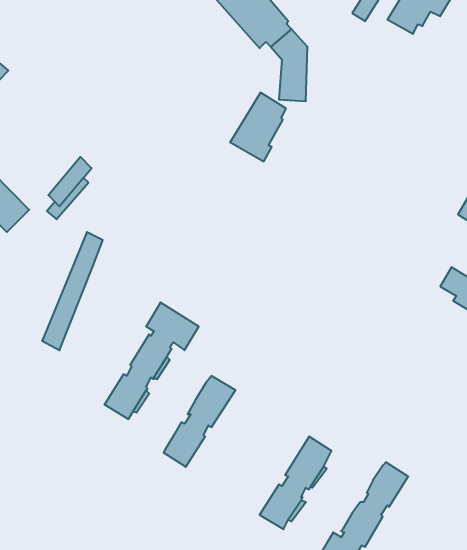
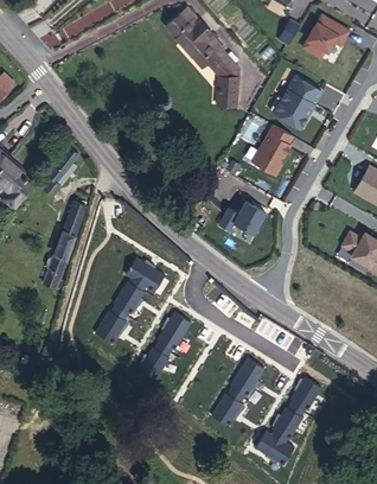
building: none -> [267,75,320,128]
building: [230,93,286,161] -> [249,123,290,174]
building: none -> [216,200,263,231]

